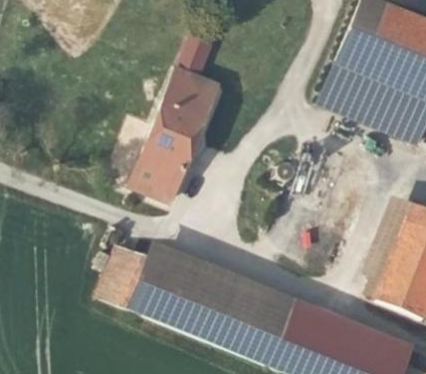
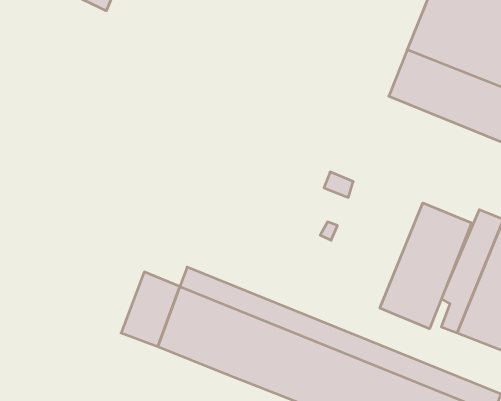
building: [133,36,216,201] -> none
building: none -> [380,203,471,329]

